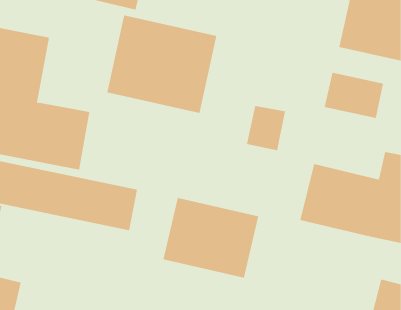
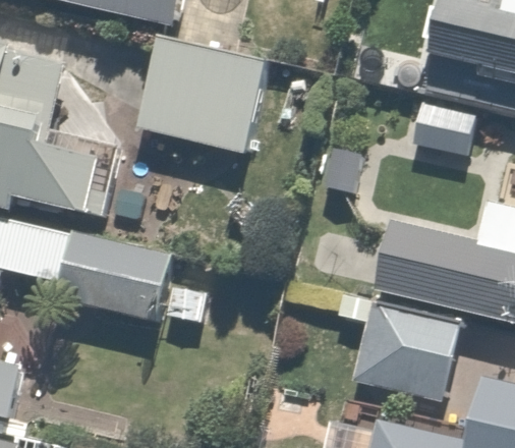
building: [163,197,259,279] -> none
building: none -> [333,283,464,400]

